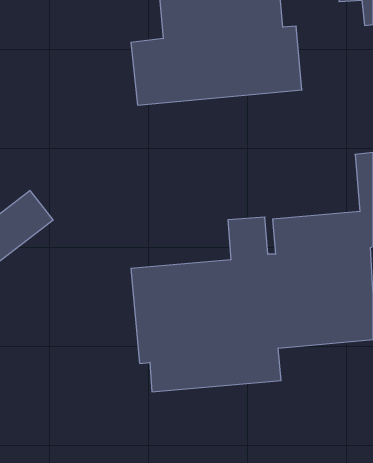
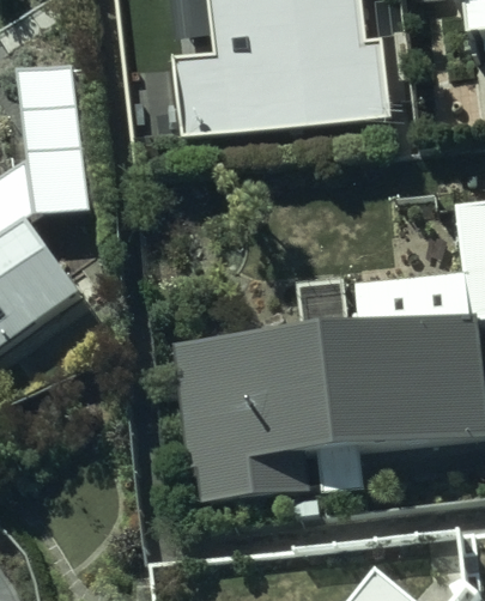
building: none -> [16,65,101,192]

